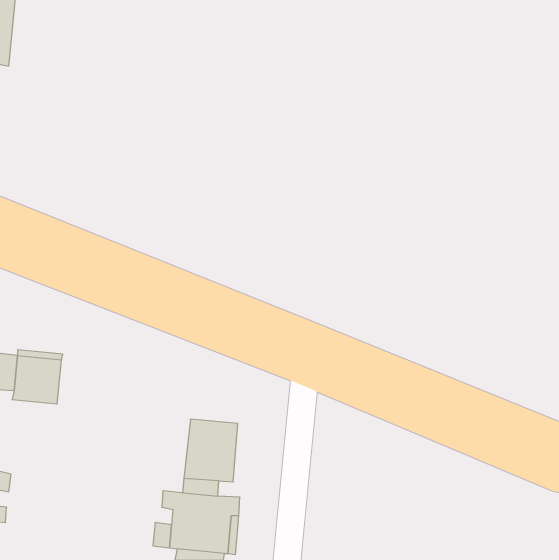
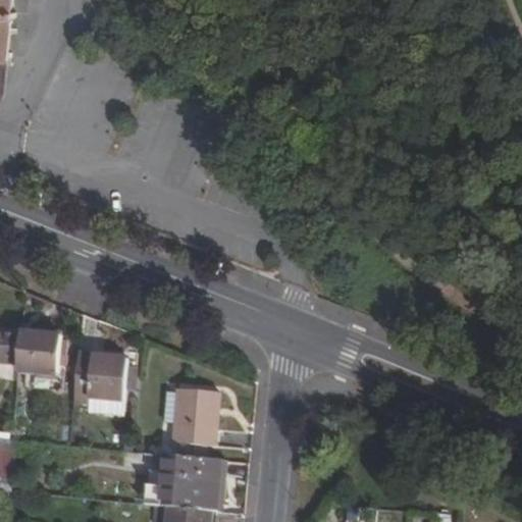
building: none -> [69,354,126,402]

